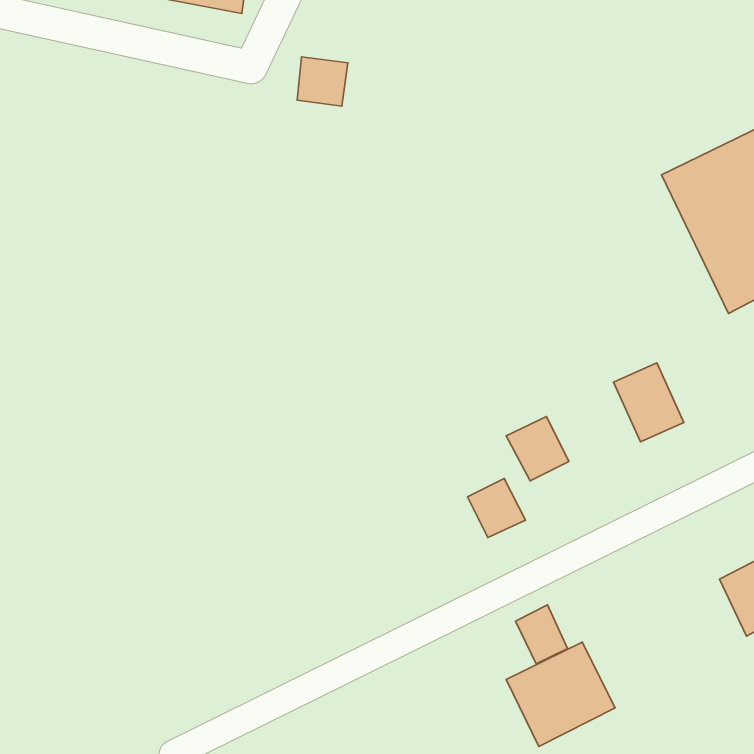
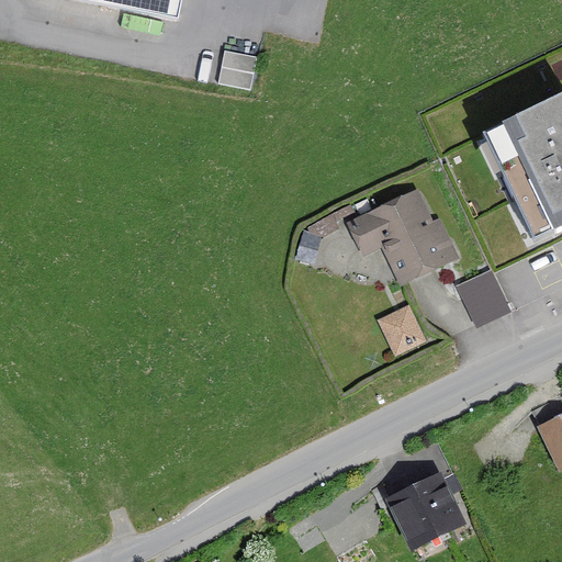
building: none -> [347,190,458,284]
building: [467,478,526,538] -> none
building: [515,605,568,664] -> none

